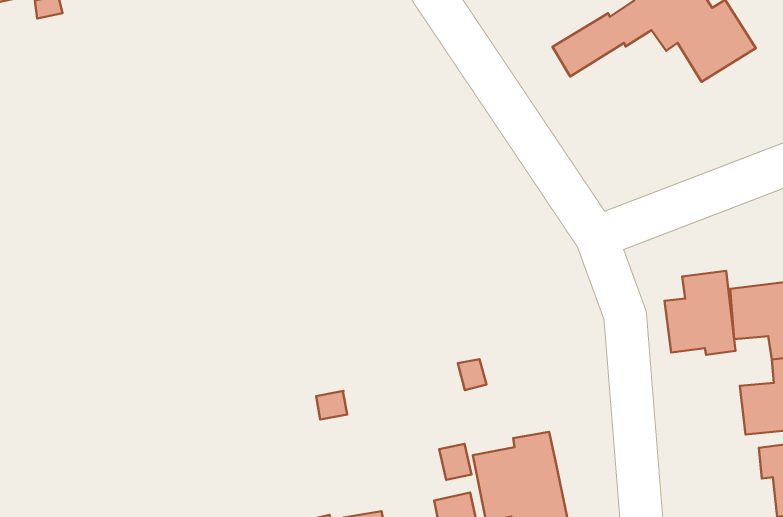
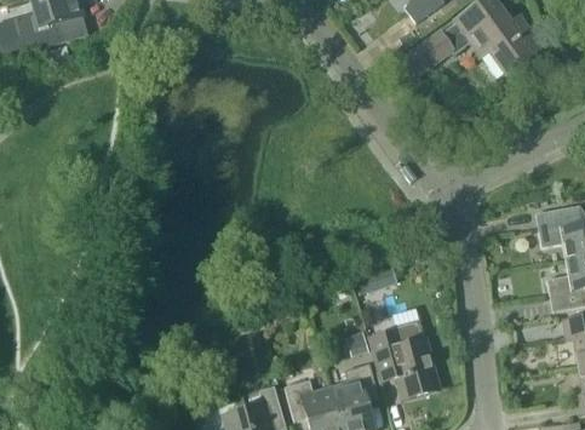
building: [665,271,735,355] -> none

